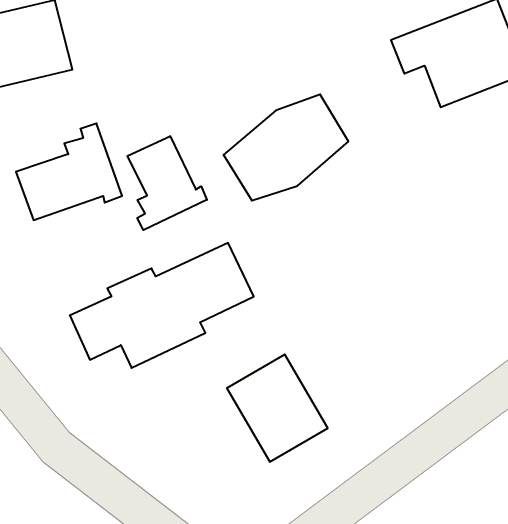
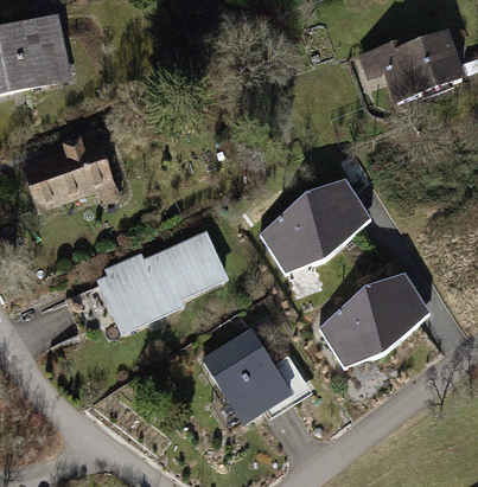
building: [223,94,348,201] -> [251,179,362,273]
building: [127,136,207,230] -> none
building: none -> [311,274,421,366]

